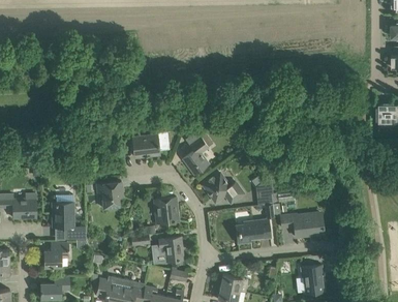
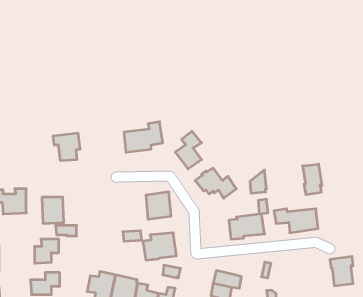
building: none -> [303,164,322,195]
building: [95,181,122,208] -> [53,133,80,160]
building: [300,265,323,294] -> [330,256,353,286]

